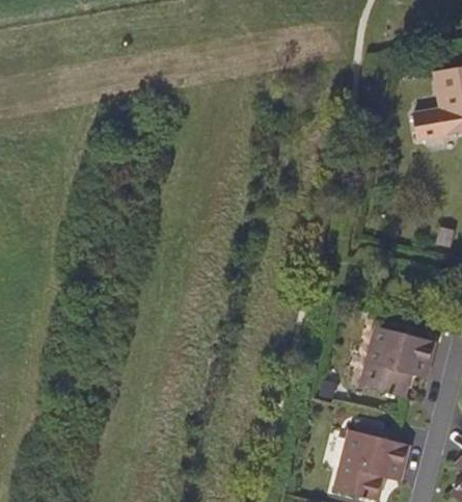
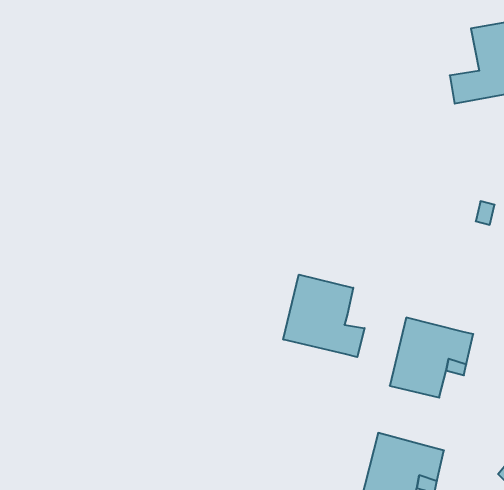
building: none -> [283,275,365,357]

